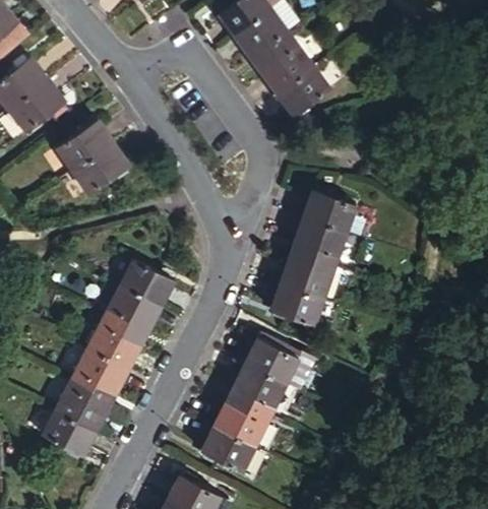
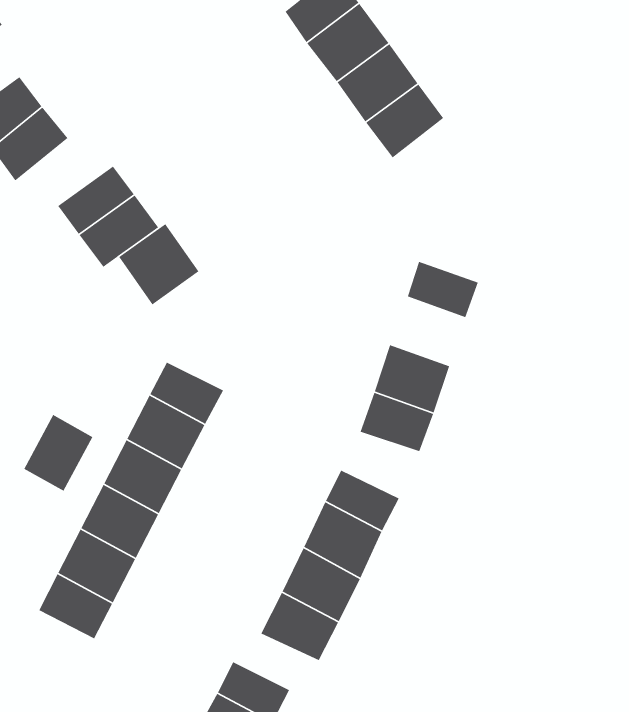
building: none -> [118,223,199,305]
building: [292,215,346,264] -> none
building: none -> [23,414,93,492]

